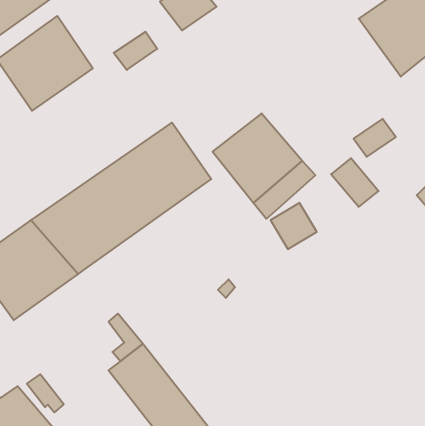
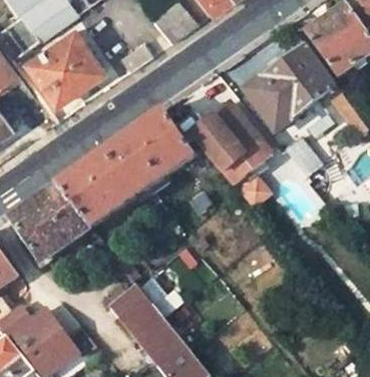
building: none -> [245,49,345,132]

